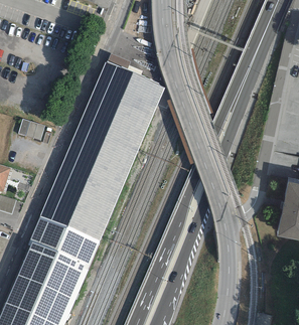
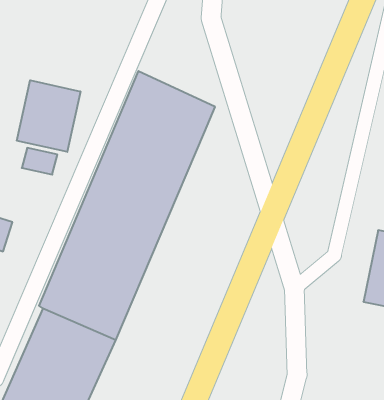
building: none -> [17,80,80,152]

